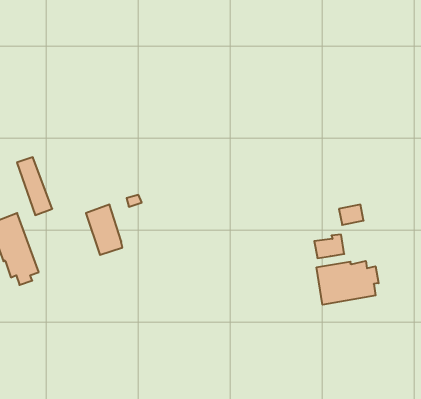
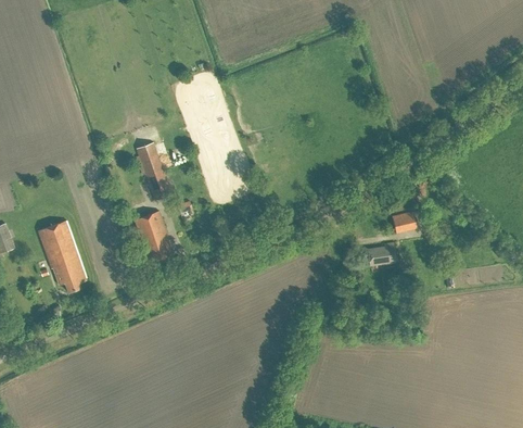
building: [17,157,52,215] -> [136,143,171,202]
building: [317,261,379,305] -> none

